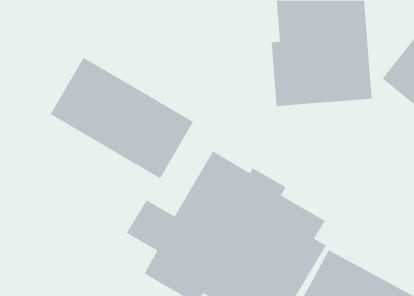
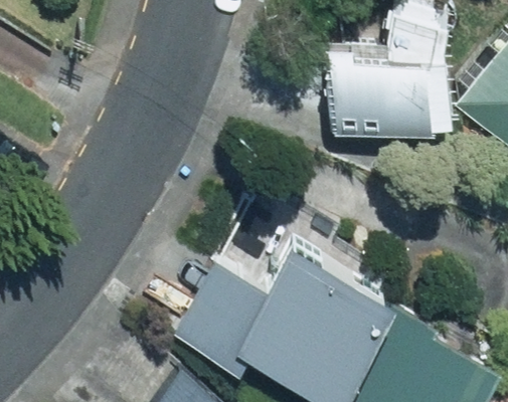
building: [50,57,194,179] -> none

